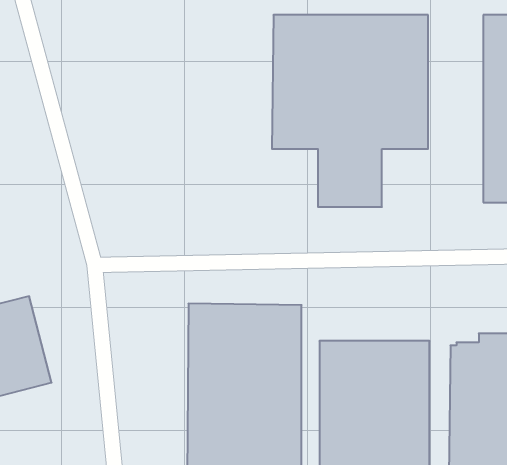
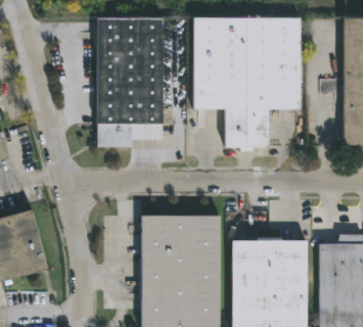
building: none -> [96,17,163,148]

